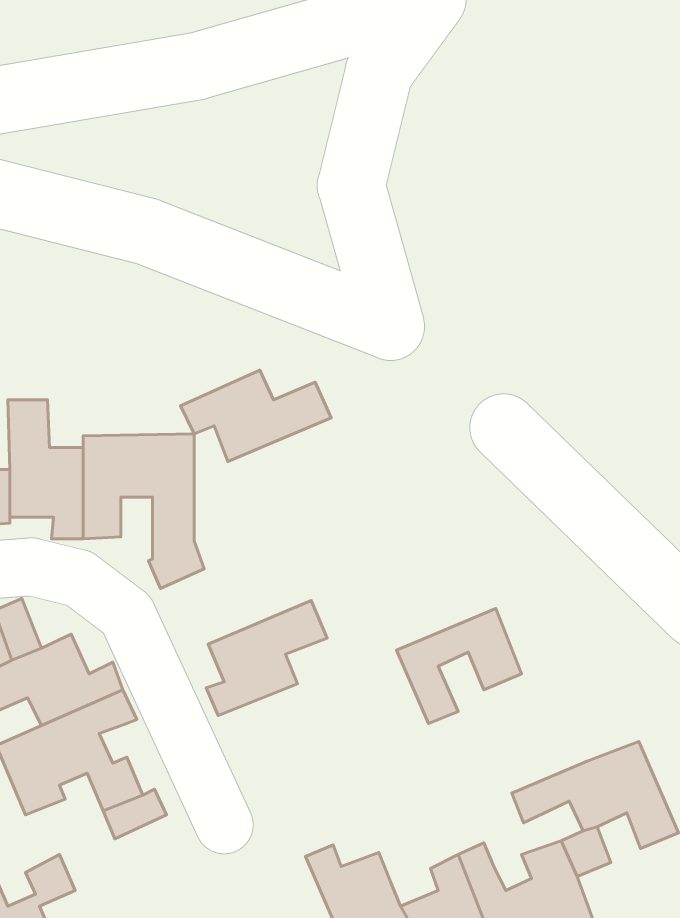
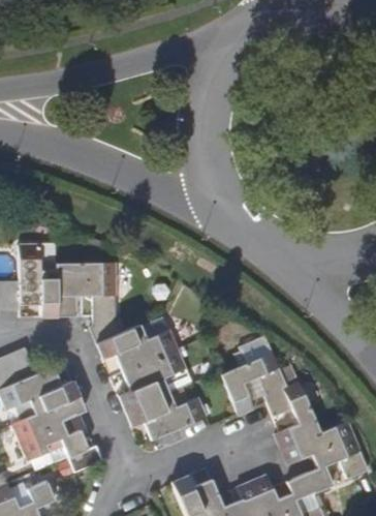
building: [180,370,331,462] -> [97,324,176,371]
building: none -> [265,382,319,449]
building: none -> [127,392,206,439]

